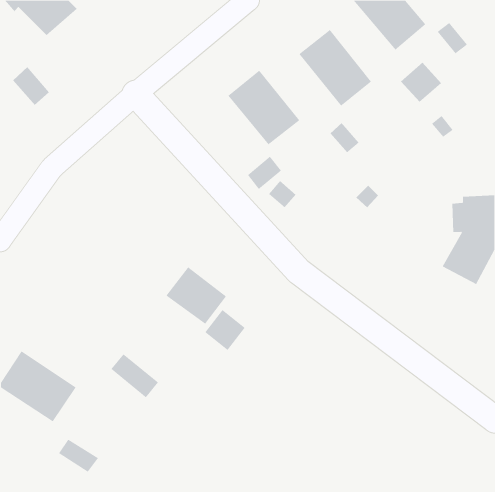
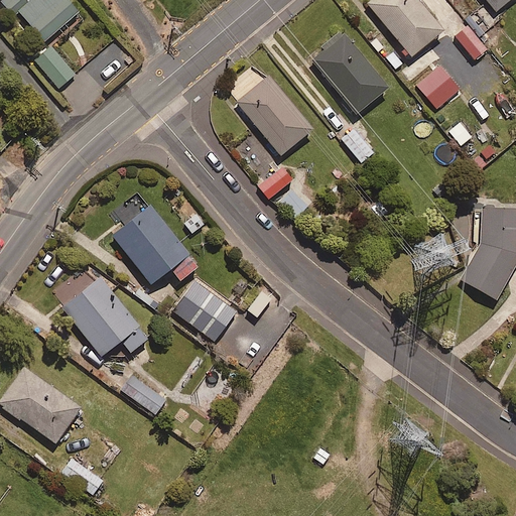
building: [12,66,50,106] -> [35,46,75,88]
building: none -> [111,204,198,283]
building: none -> [60,274,148,355]
building: [205,309,245,351] -> none

